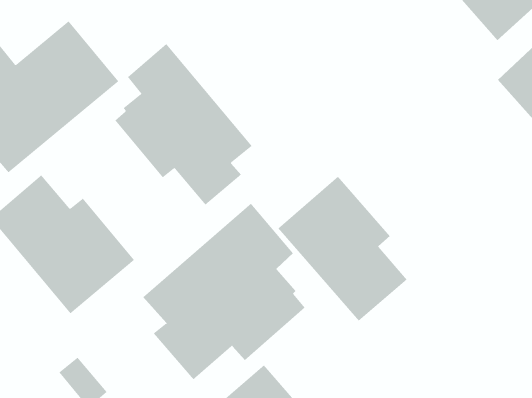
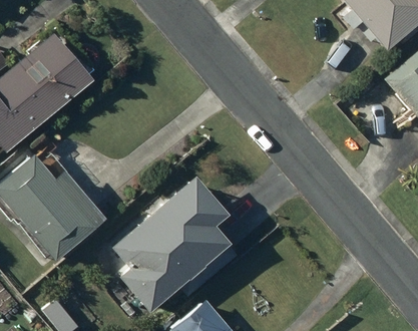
building: [114,43,253,206] -> none
building: [278,176,407,321] -> none

